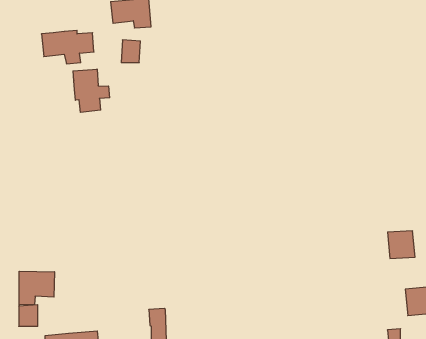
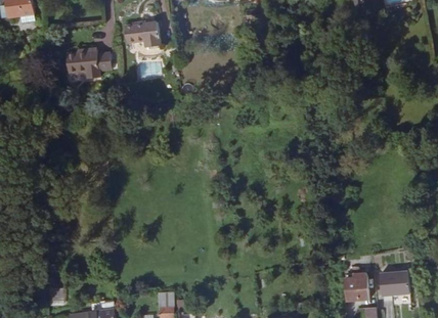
building: [73,69,110,112] -> none
building: [388,231,415,258] -> [345,276,368,300]
building: [19,271,54,305] -> none

